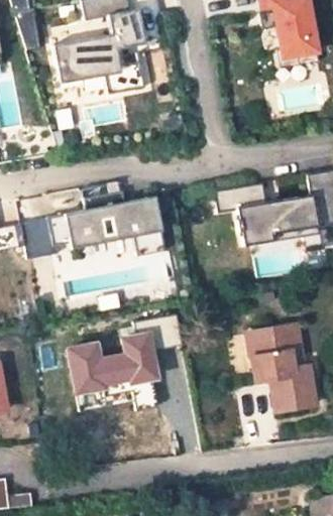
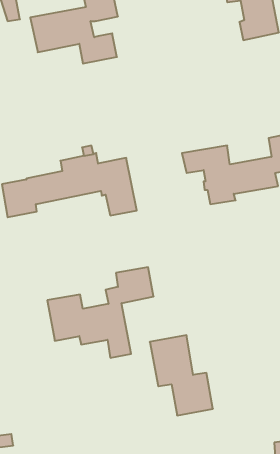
building: [247,326,315,411] -> [150,335,213,415]

